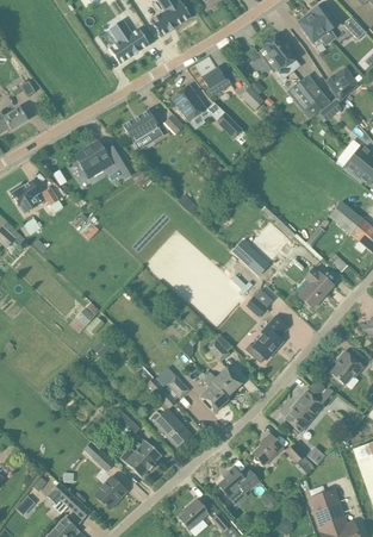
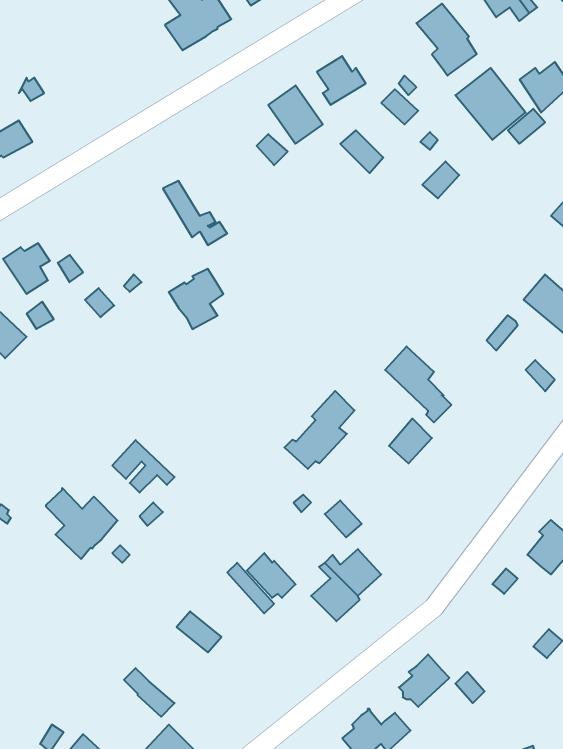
building: [123,110,163,142] -> none
building: [74,141,107,177] -> [169,269,223,329]
building: [298,268,332,307] -> none
building: [244,314,287,362] -> [284,391,355,469]
building: none -> [46,488,118,559]
building: [285,387,335,431] -> none
building: [148,408,189,447] -> none
building: [119,439,161,476] -> none

